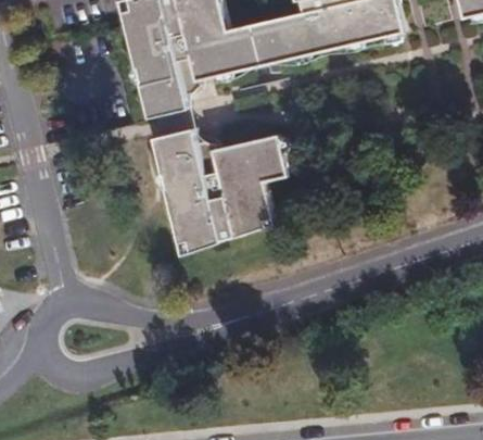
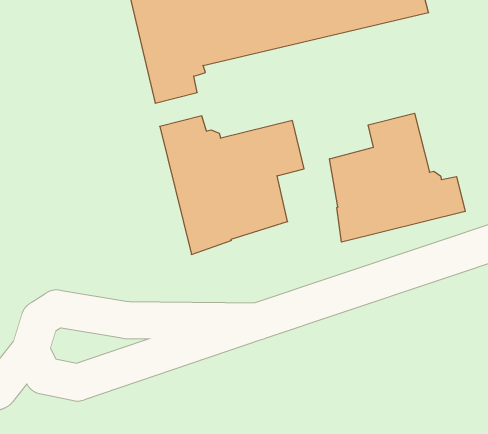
building: none -> [330,113,465,242]

